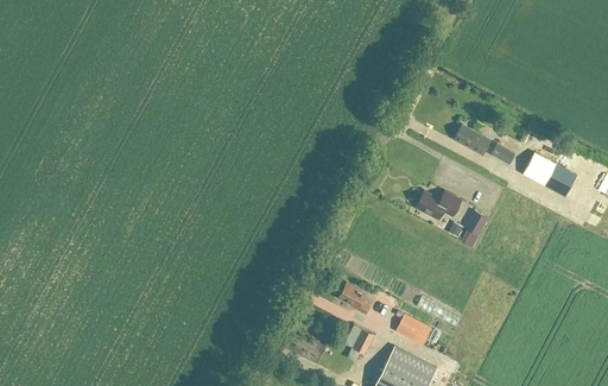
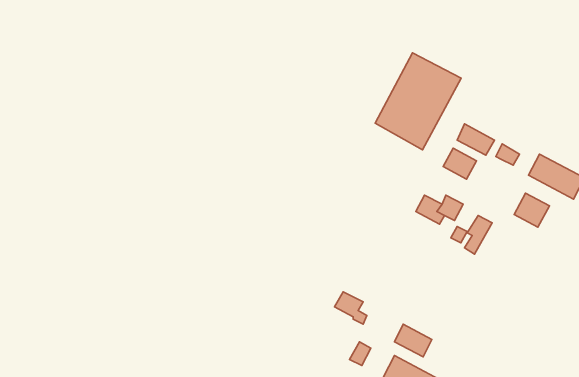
building: none -> [375,53,461,150]
building: none -> [443,148,477,179]
building: none -> [514,193,550,227]

